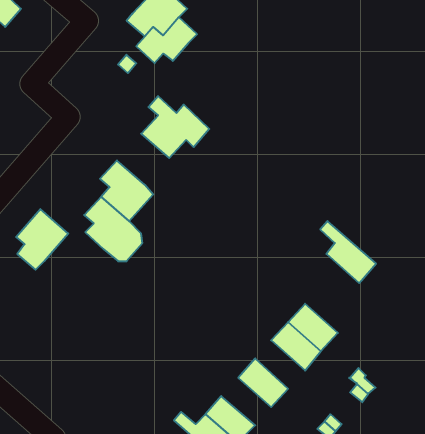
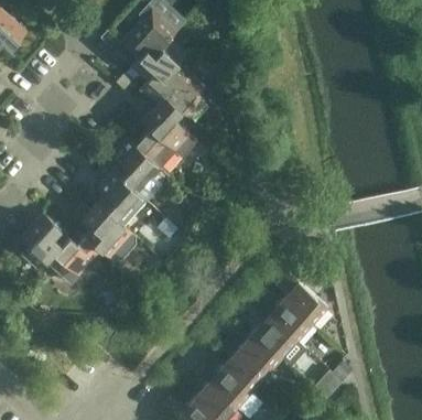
building: none -> [139,63,203,118]
building: none -> [110,138,159,192]
building: [320,221,376,283] -> [277,270,327,326]
building: none -> [45,235,99,276]
building: none -> [237,333,282,377]
building: none -> [206,367,251,410]

